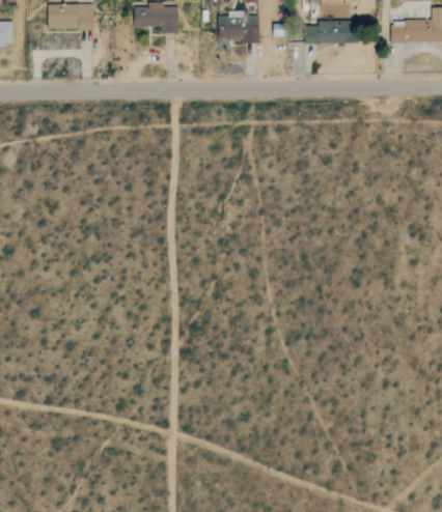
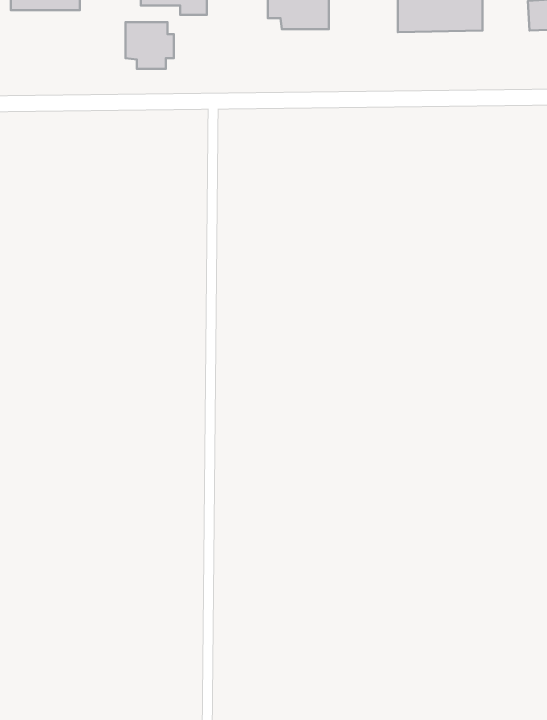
building: none -> [126,22,174,69]

